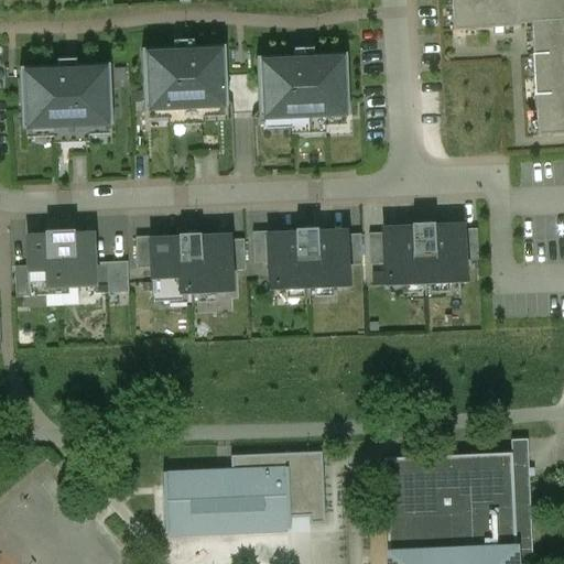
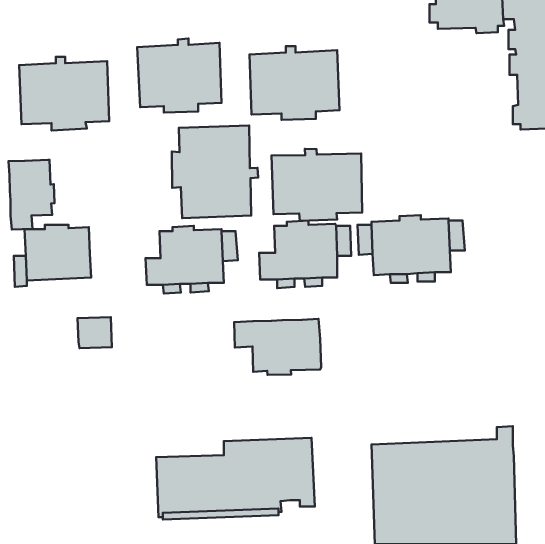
building: none -> [172,125,258,218]
building: none -> [271,149,362,221]
building: none -> [8,160,54,230]
building: [253,228,285,260] -> none
building: [137,234,167,265] -> none
building: [95,260,130,292] -> [78,317,112,348]
building: none -> [234,319,321,375]

